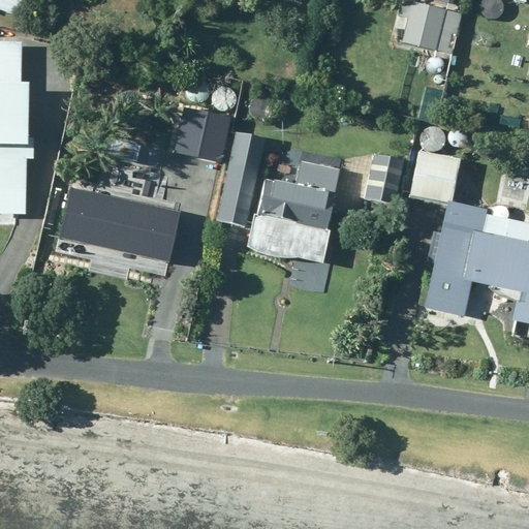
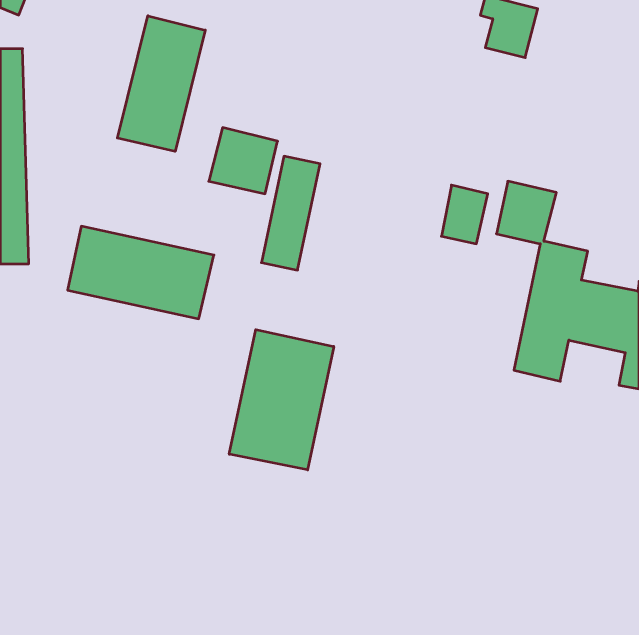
building: none -> [117,16,205,151]
building: [246,160,339,262] -> none
building: none -> [229,330,334,470]

